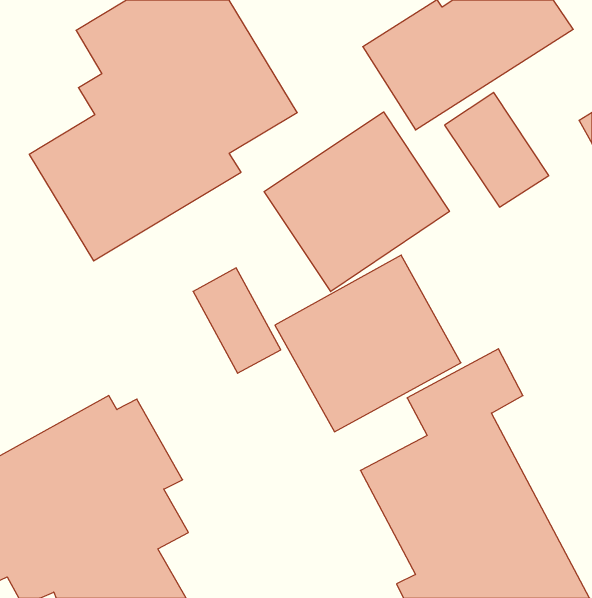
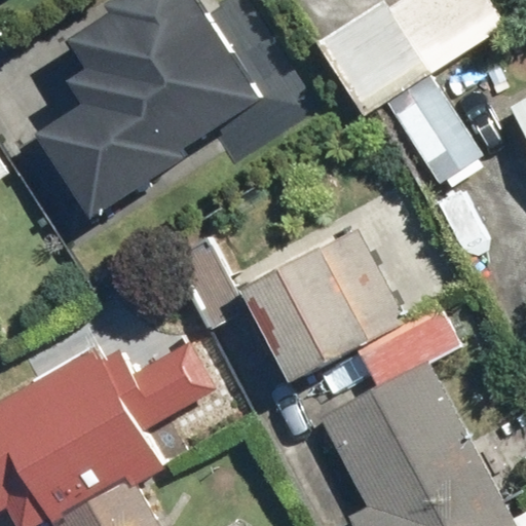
building: [264,112,449,292] -> none

